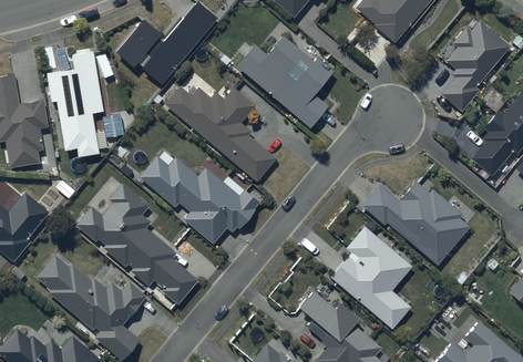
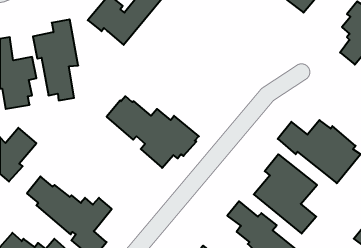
building: [236,34,332,128] -> none
building: [165,86,277,182] -> none
building: [76,183,198,304] -> none

